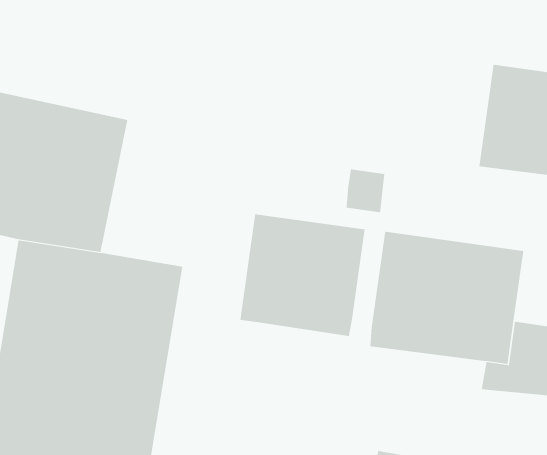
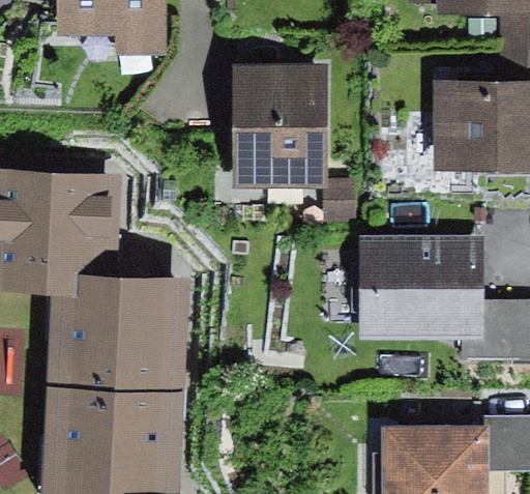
building: none -> [234,64,328,186]
building: [240,213,365,337] -> none

